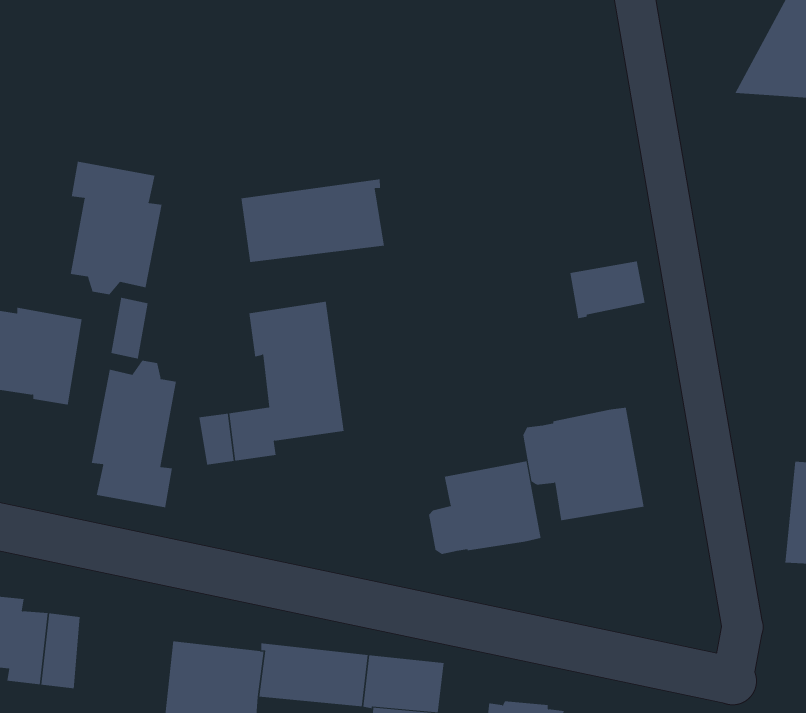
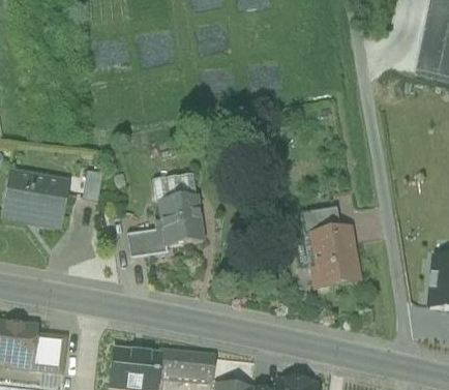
building: [70,161,162,295] -> none
building: [241,179,384,263] -> none
building: [570,261,646,319] -> [300,208,339,238]
building: [91,360,177,508] -> none
building: [429,460,541,555] -> none

